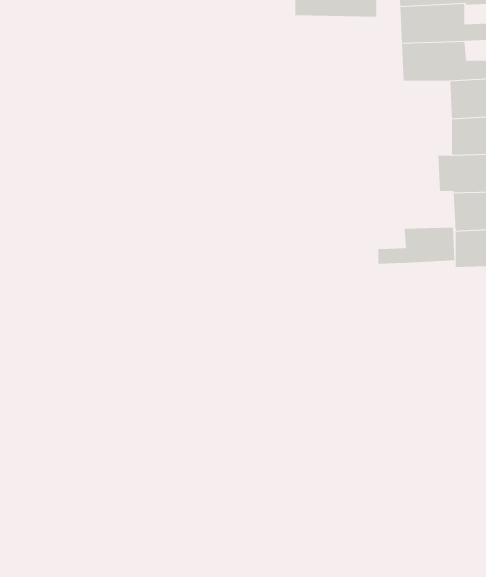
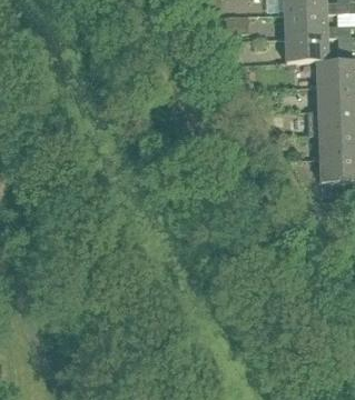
building: [378,227,455,265] -> none

